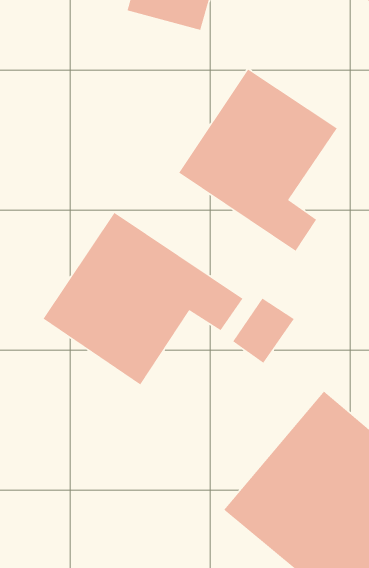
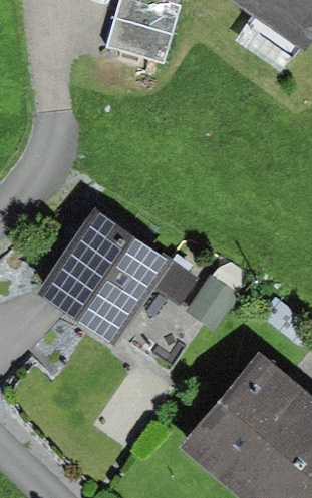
building: [178,69,338,252] -> none

